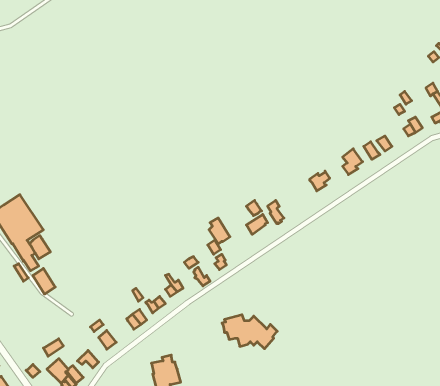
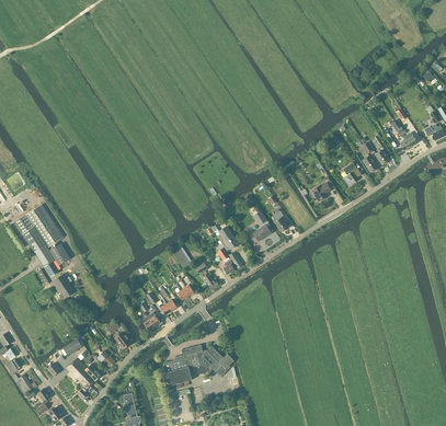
building: [222,315,277,349] -> [182,344,233,376]

